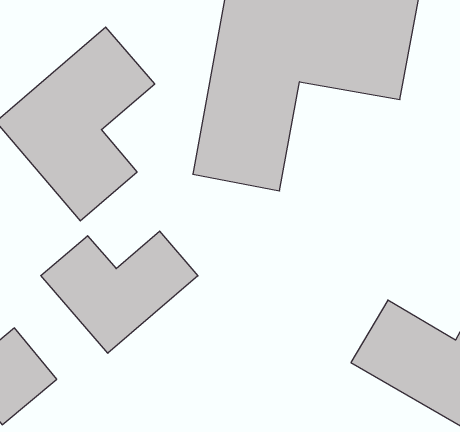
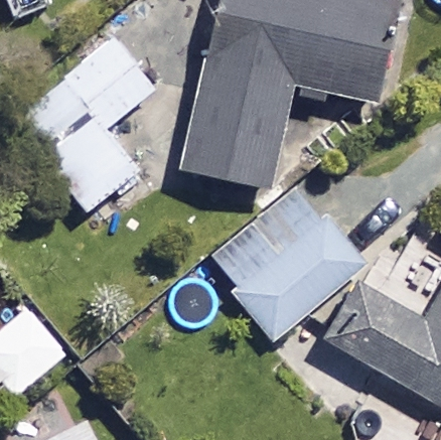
building: none -> [206,186,364,342]
building: [41,231,198,353] -> none

